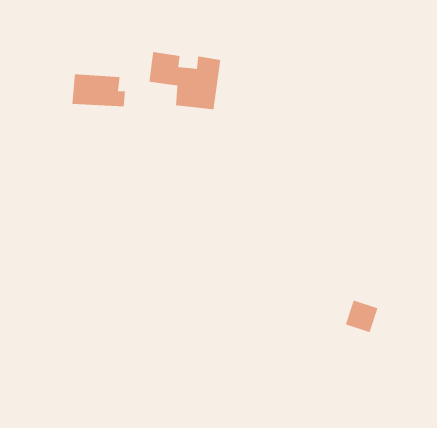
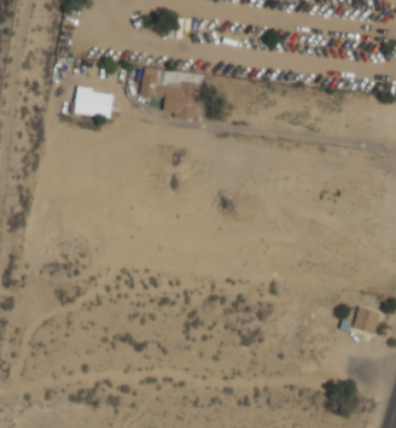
building: [345,300,378,333] -> [353,305,382,334]

